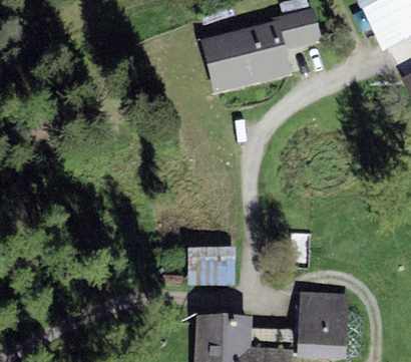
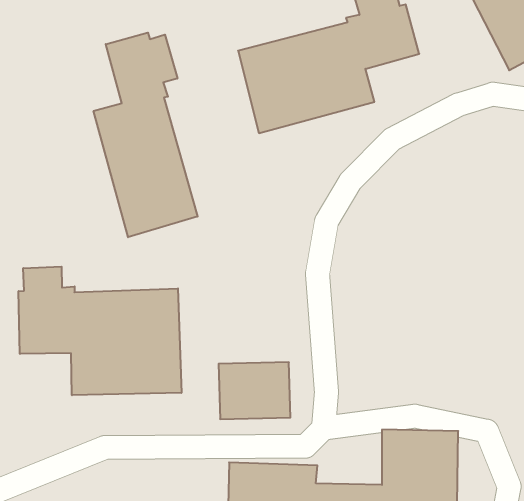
building: none -> [94,33,198,237]
building: none -> [19,267,181,395]

